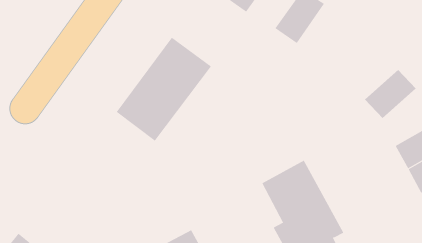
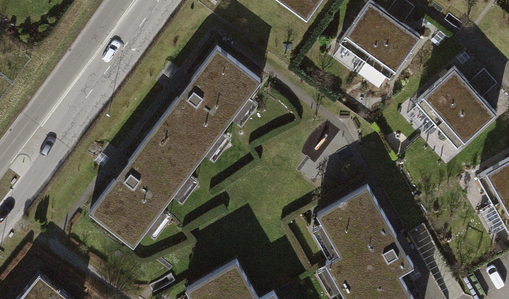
building: none -> [360,11,418,75]
building: none -> [415,61,476,121]
building: none -> [90,135,197,252]

